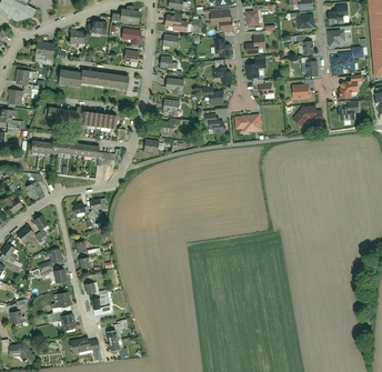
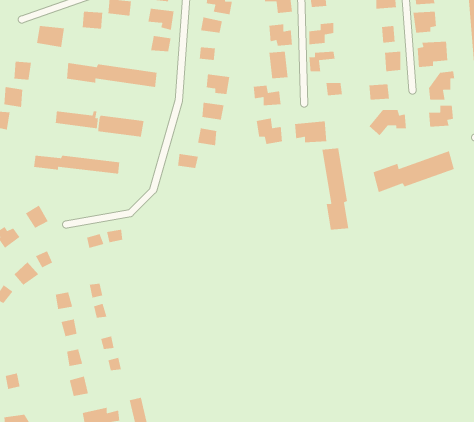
building: none -> [322,147,349,231]
building: none -> [373,150,455,193]

